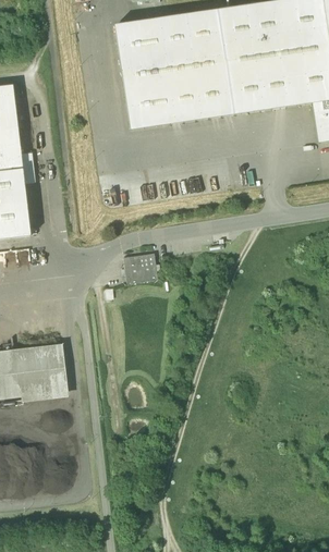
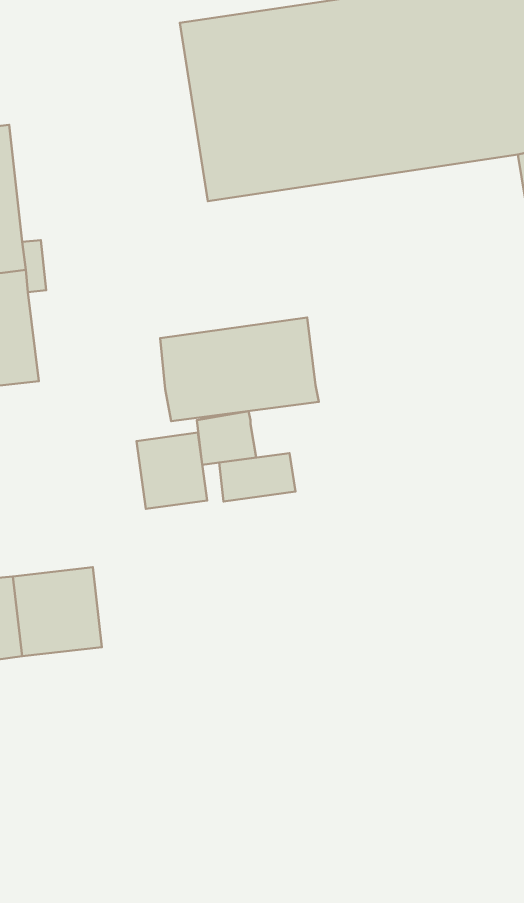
building: none -> [160,317,319,421]
building: none -> [136,433,207,509]
building: none -> [219,453,296,502]

